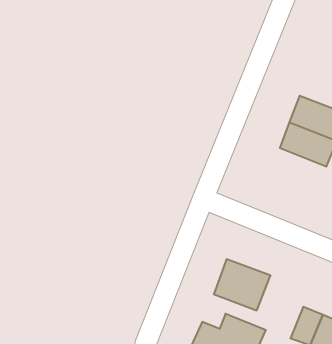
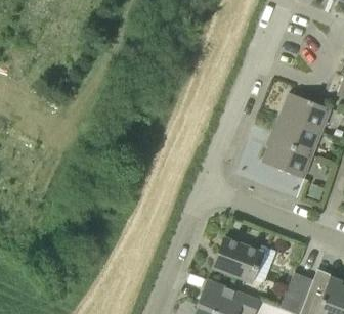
building: none -> [263,139,313,179]

